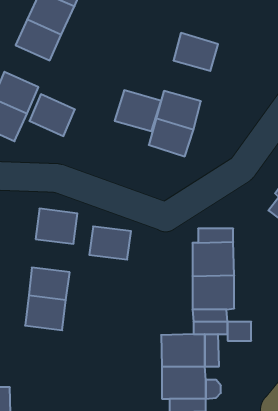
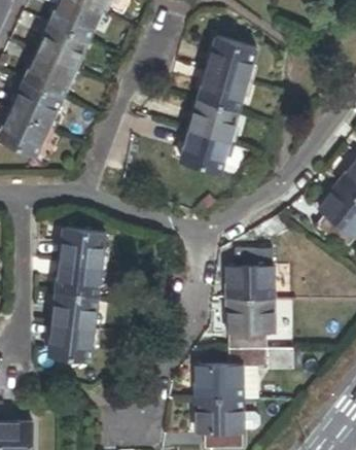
building: [115,90,161,131] -> [198,67,248,111]
building: [29,94,75,136] -> [25,50,74,96]
building: [89,226,131,260] -> [55,261,100,297]

